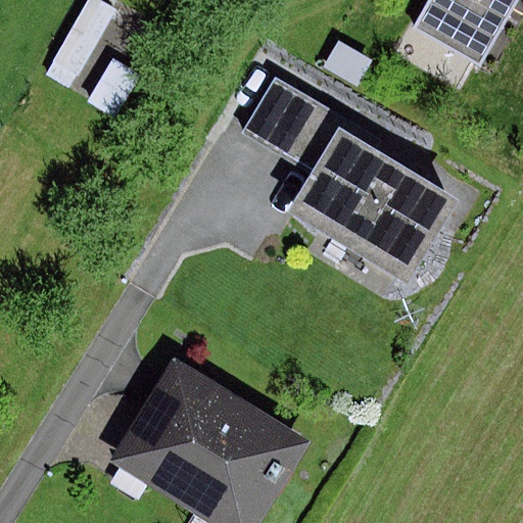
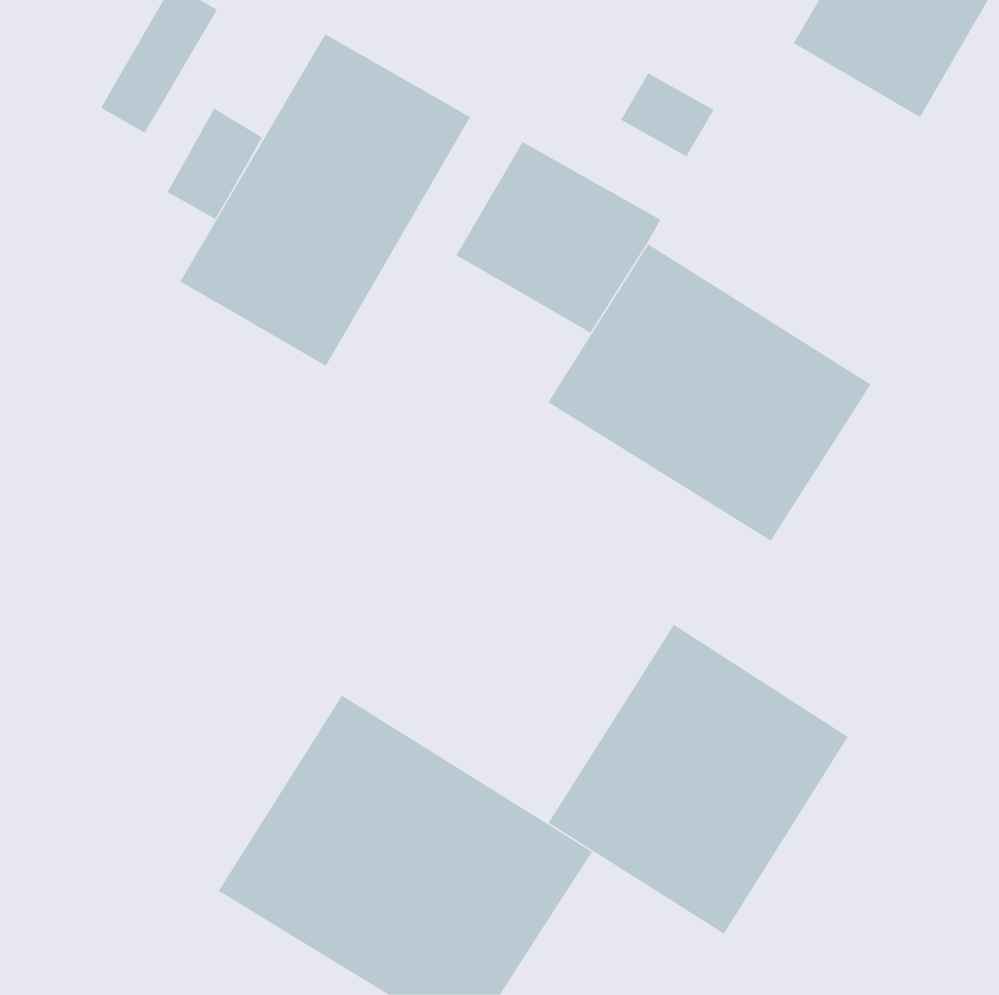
building: none -> [180,33,471,367]
building: none -> [548,624,848,935]

